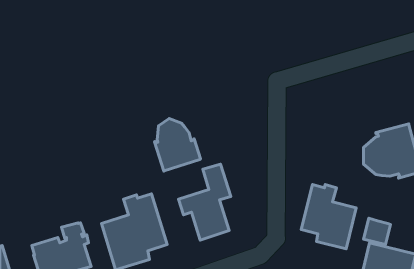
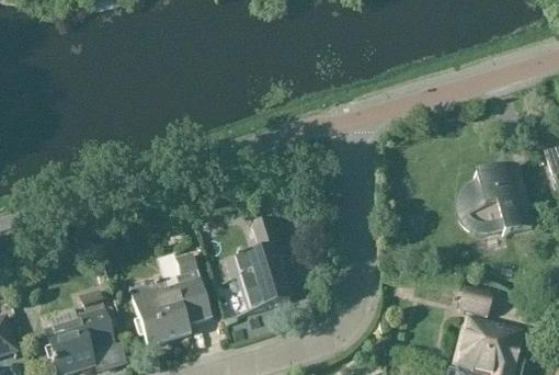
building: [154,118,200,171] -> none
building: [301,185,356,249] -> none

